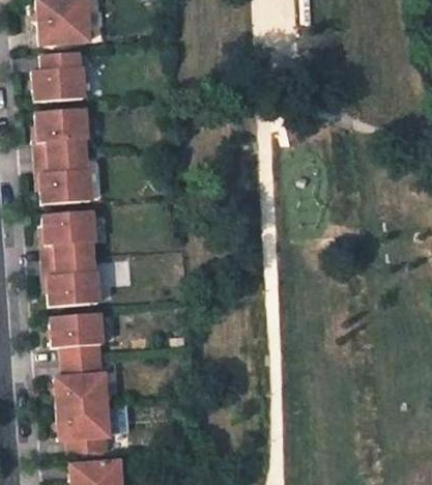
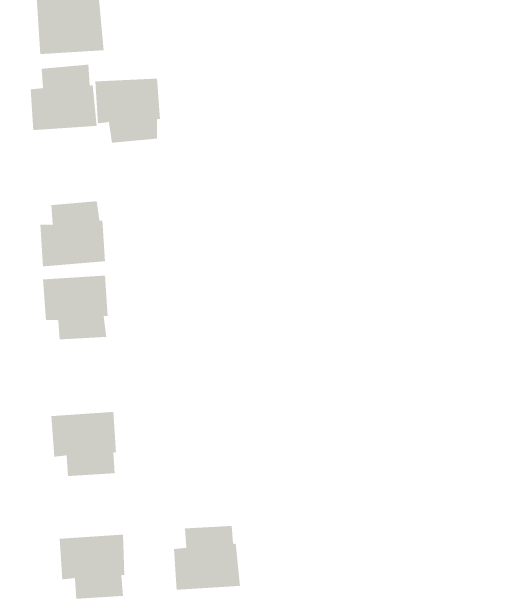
building: [37,109,87,158] -> [94,78,161,143]
building: [48,257,97,306] -> none
building: [54,360,105,408] -> [173,525,241,590]

